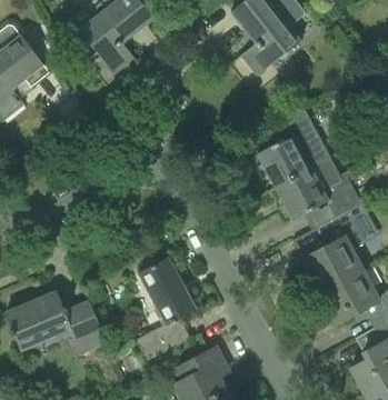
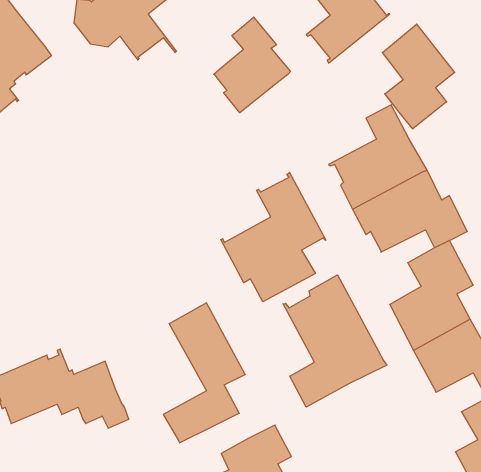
building: none -> [214,17,290,113]
building: none -> [382,24,455,129]
building: none -> [221,172,326,302]
building: none -> [283,275,387,407]

